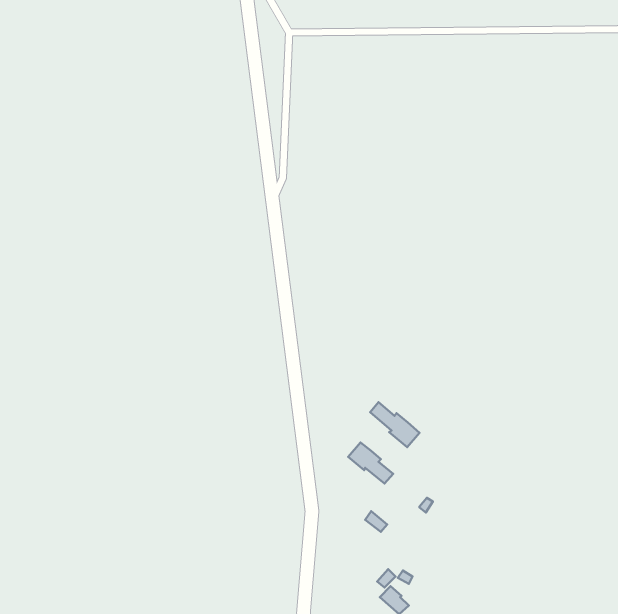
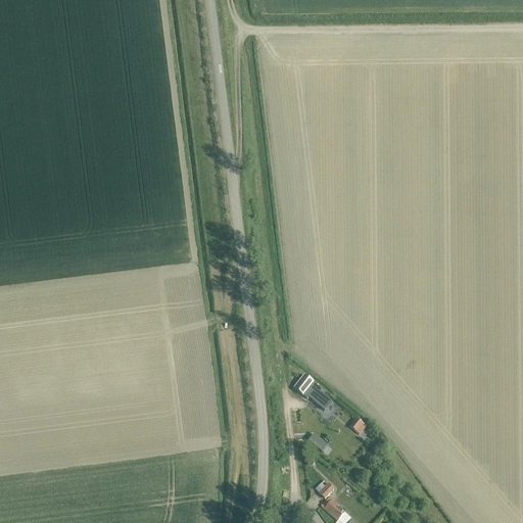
building: [370,402,419,447] -> none

